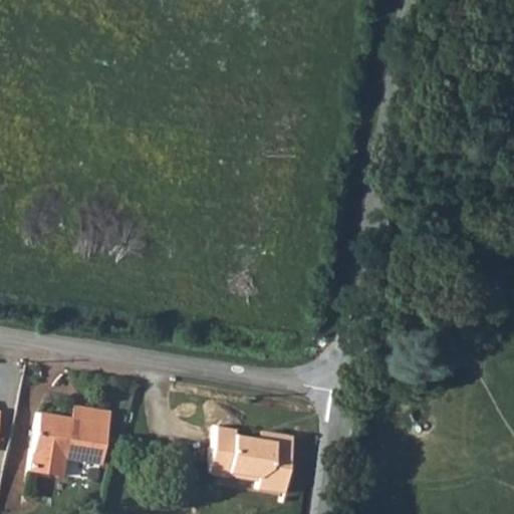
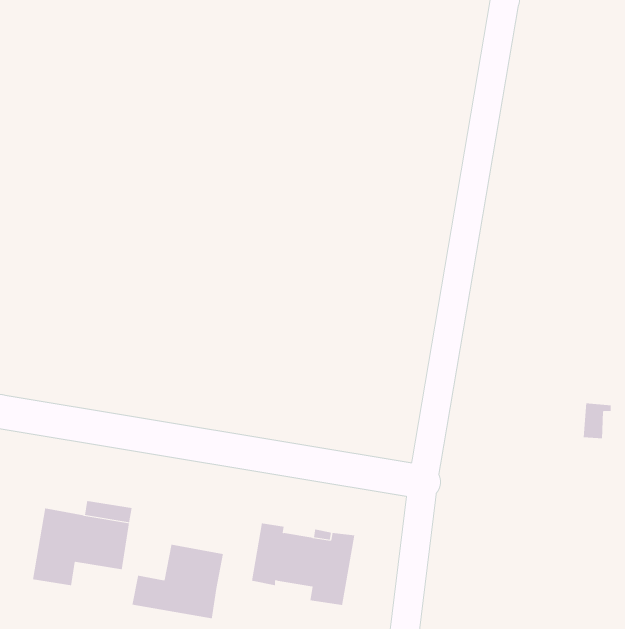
building: none -> [132,544,224,619]

